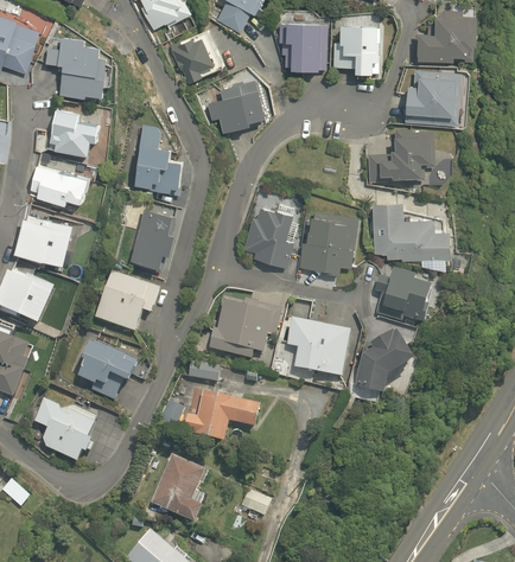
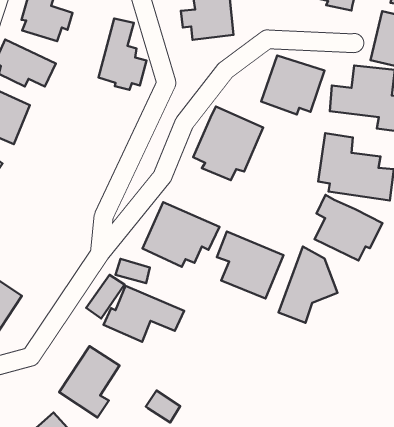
building: [132,209,178,267] -> none
building: [301,217,360,273] -> [261,56,324,114]
building: [95,273,161,333] -> none
building: [74,340,138,403] -> none

